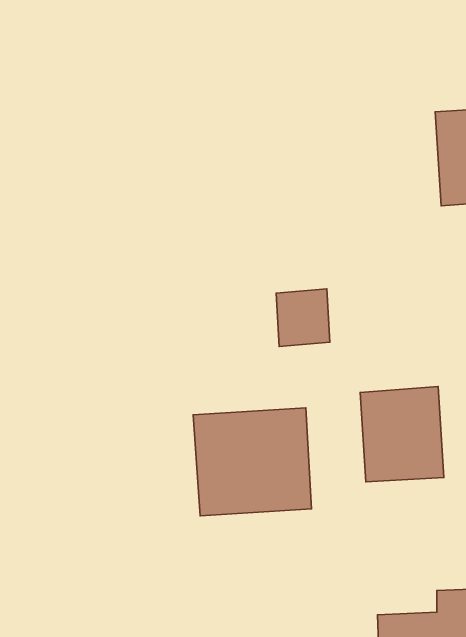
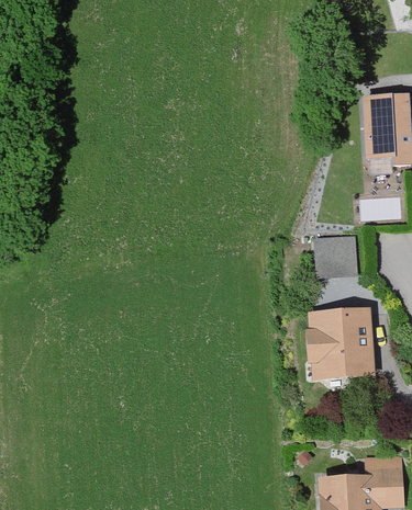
building: [276,289,330,347] -> [315,235,356,279]
building: [193,408,311,516] -> none

